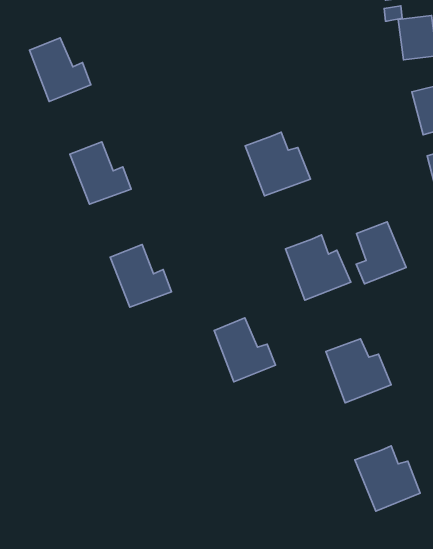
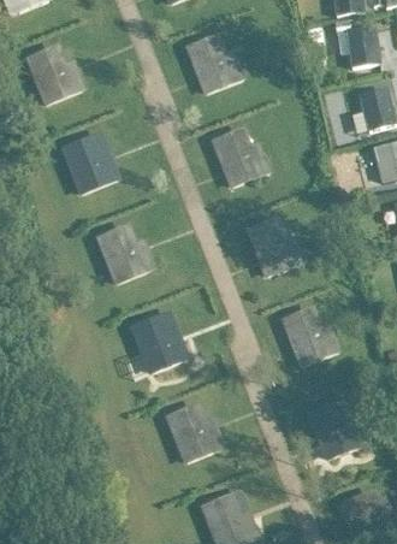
building: none -> [189,34,244,90]
building: [356,222,406,284] -> none
building: [214,318,275,382] -> [134,314,186,369]
building: none -> [168,404,221,459]

